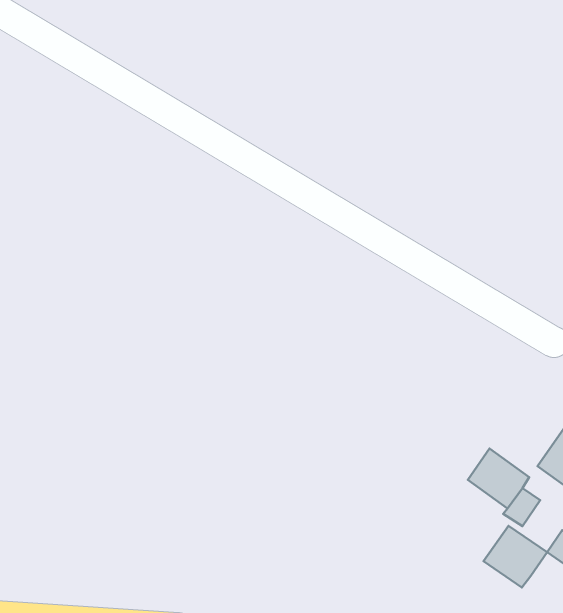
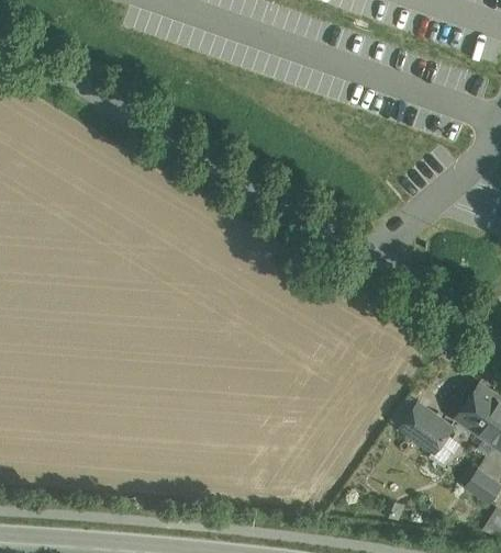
building: [483,526,547,588] -> none

